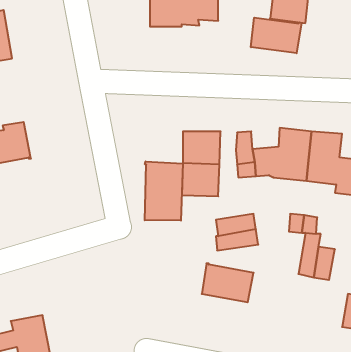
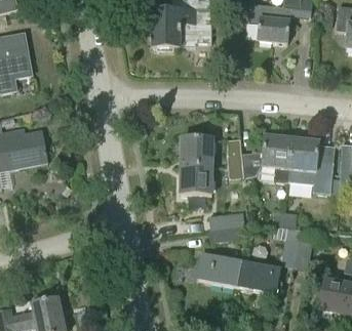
building: [251,18,301,53] -> none
building: [145,161,183,221] -> none
building: none -> [236,260,280,293]

